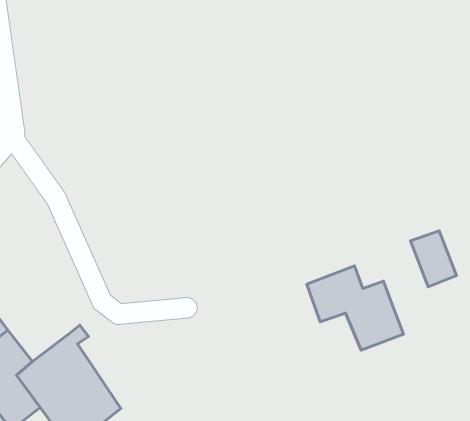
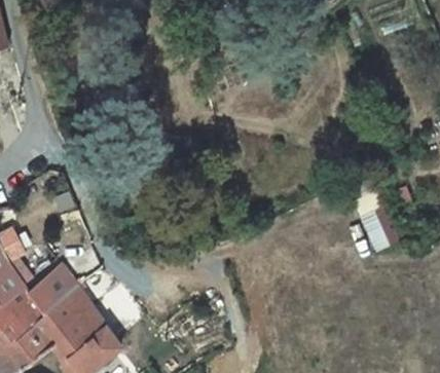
building: [307,266,404,350] -> none
building: none -> [30,261,76,306]

